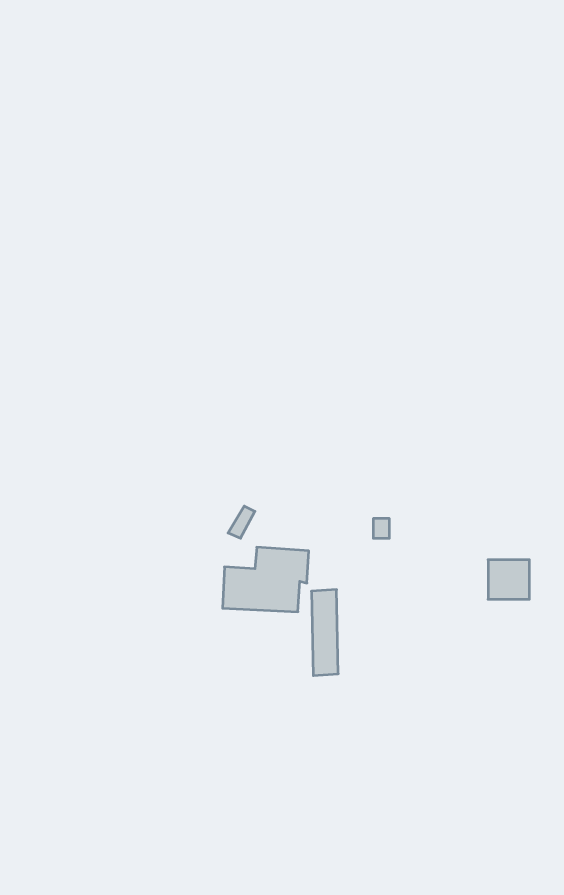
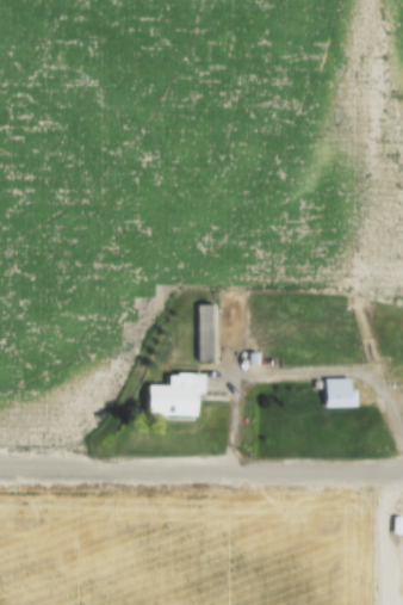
building: [311,590,338,676] -> [198,303,216,360]

